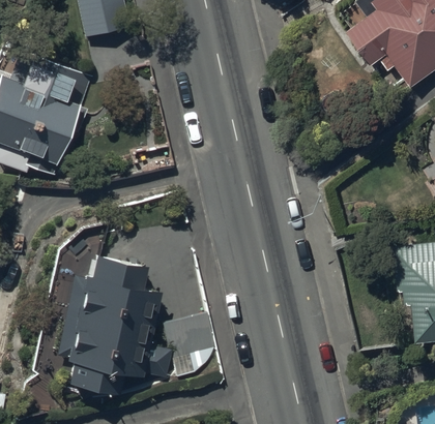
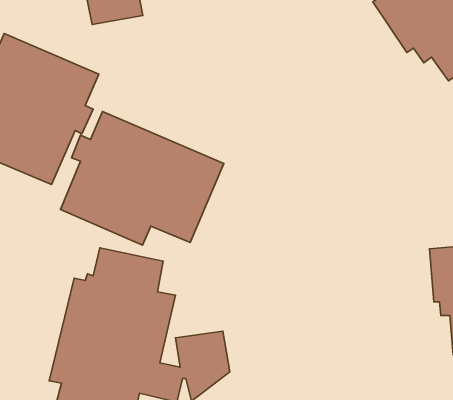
building: none -> [61,112,224,245]

